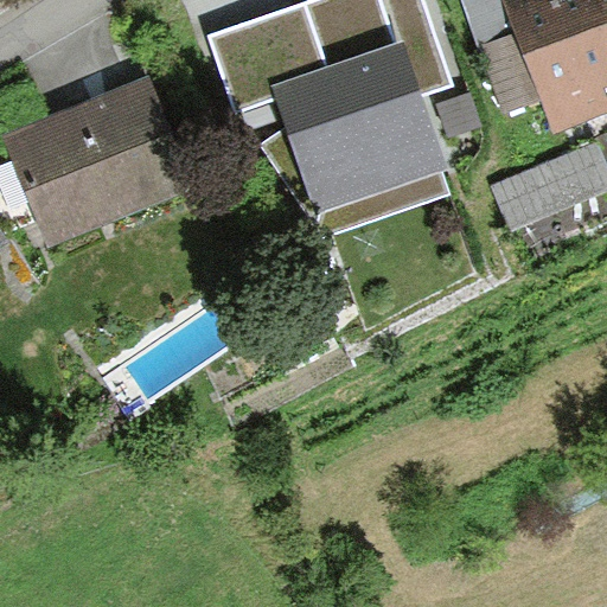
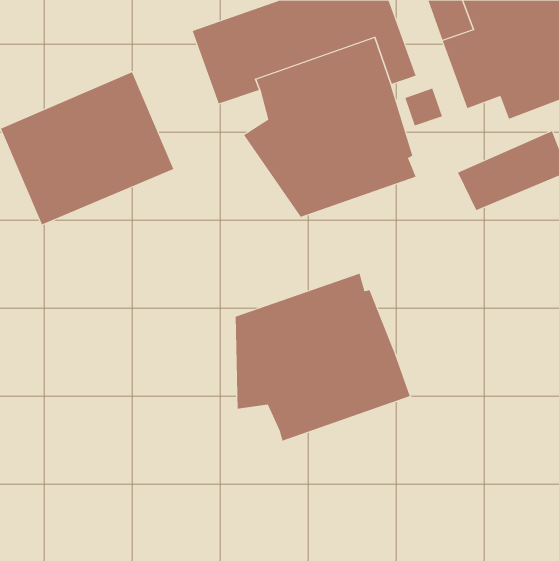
building: none -> [235,273,410,441]

